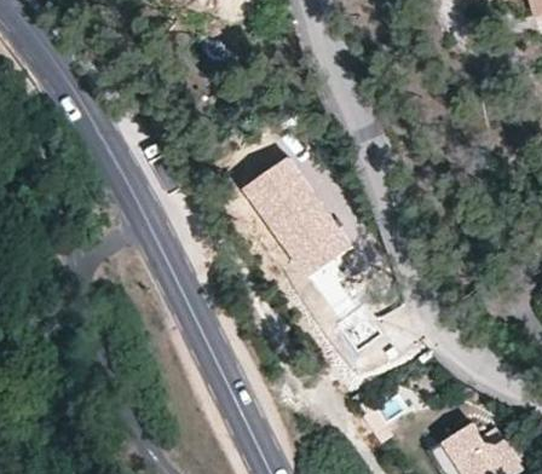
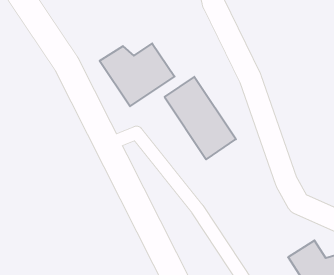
building: none -> [100,43,175,106]

